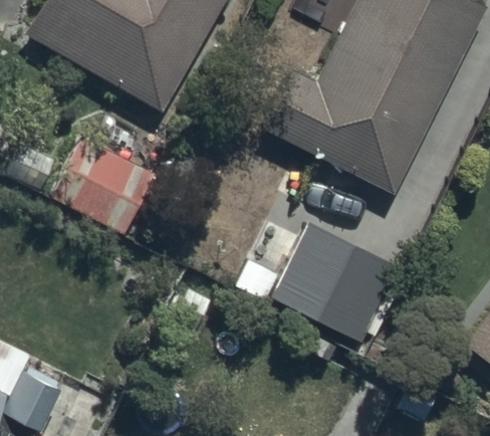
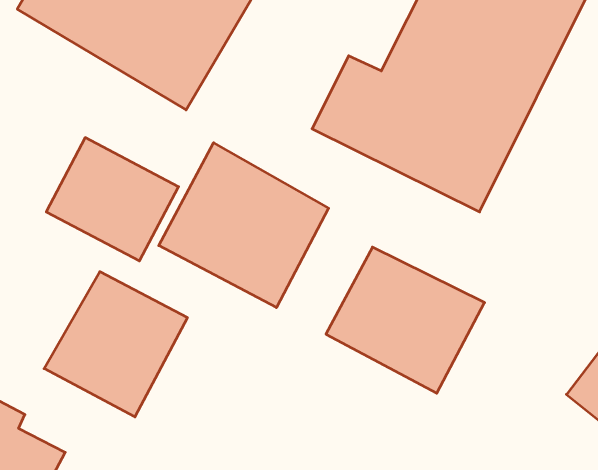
building: none -> [159,143,329,308]
building: none -> [44,272,187,417]

